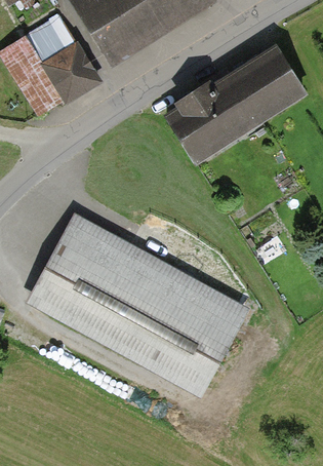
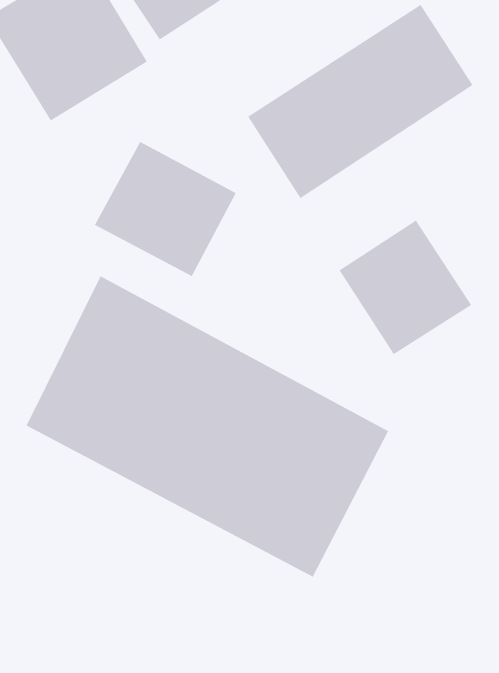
building: none -> [94,141,237,277]
building: none -> [339,220,472,355]

